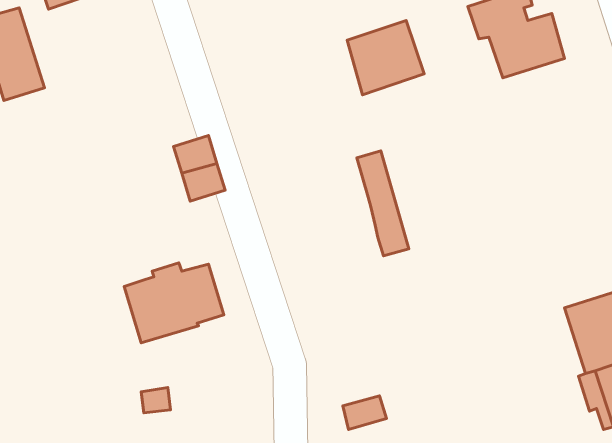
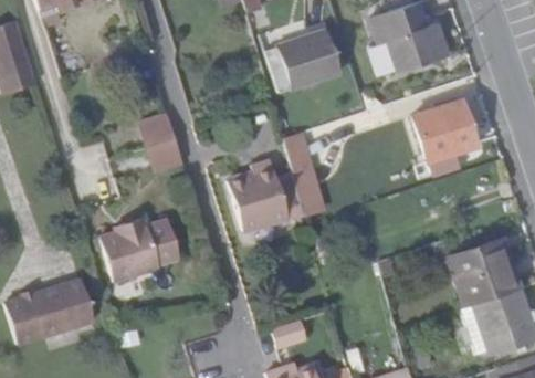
building: none -> [412,102,478,177]
building: none -> [228,155,302,228]
building: none -> [10,280,99,340]

